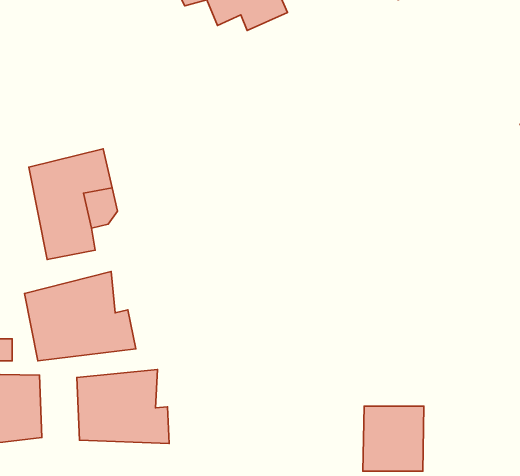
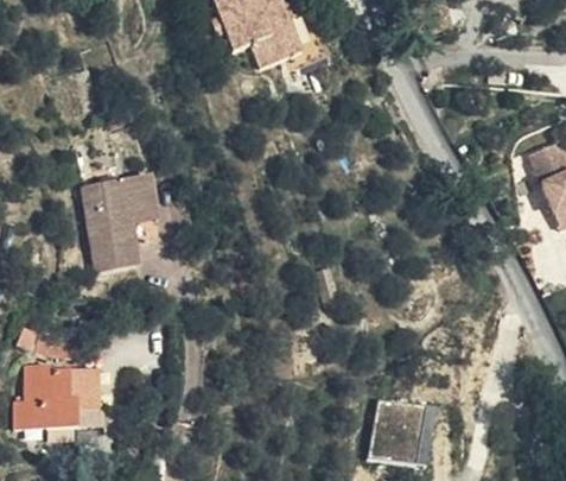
building: [25,271,136,361] -> none
building: [77,369,169,443] -> none

